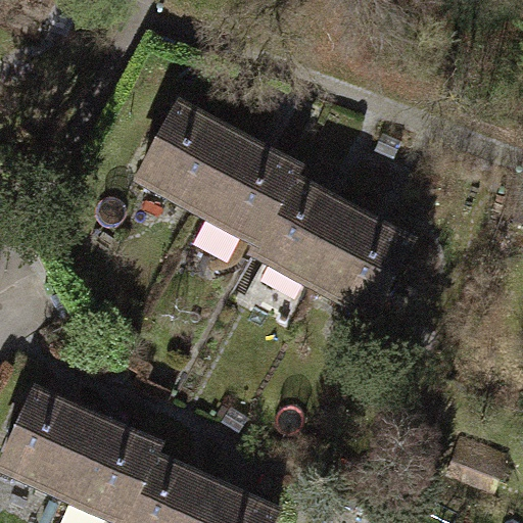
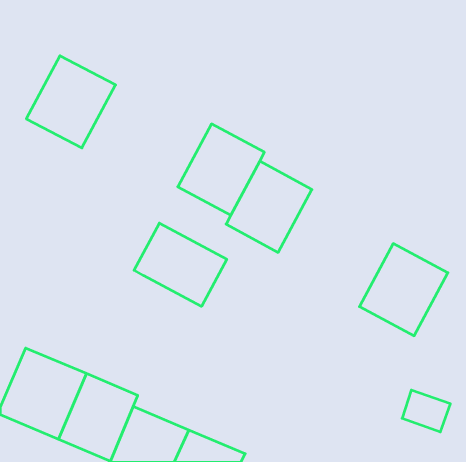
building: [137,106,237,209] -> [26,56,116,148]
building: [312,212,411,316] -> [359,244,448,336]
building: none -> [134,223,227,306]

